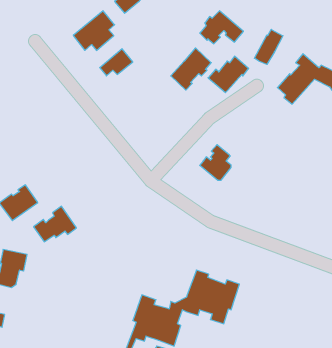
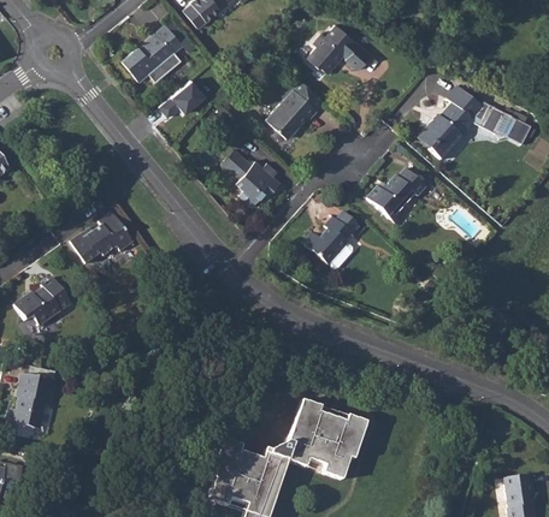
building: [254,29,283,64] -> none
building: [208,56,249,93] -> [367,168,426,221]
building: none -> [234,159,281,207]
building: [34,206,76,242] -> [70,209,132,261]

